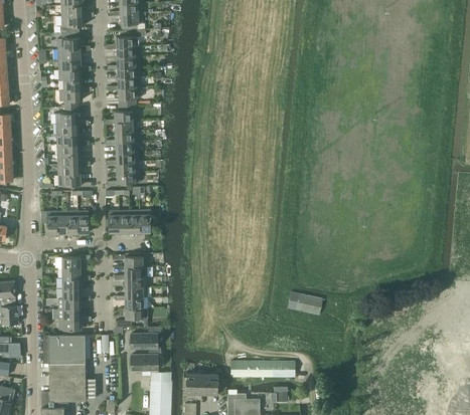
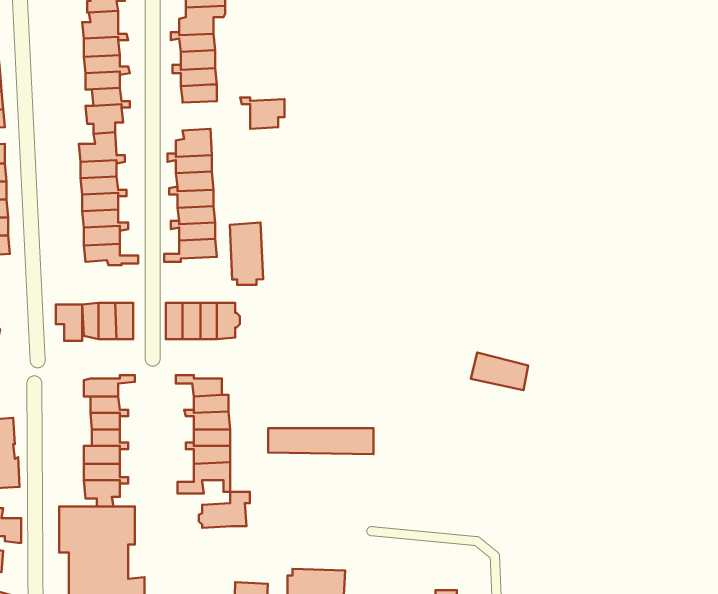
building: [113,86,140,106] -> [240,98,285,129]
building: none -> [230,223,263,285]
building: [286,292,321,316] -> [471,353,528,390]
building: [130,348,164,373] -> none
building: [230,362,295,378] -> [268,428,373,454]

